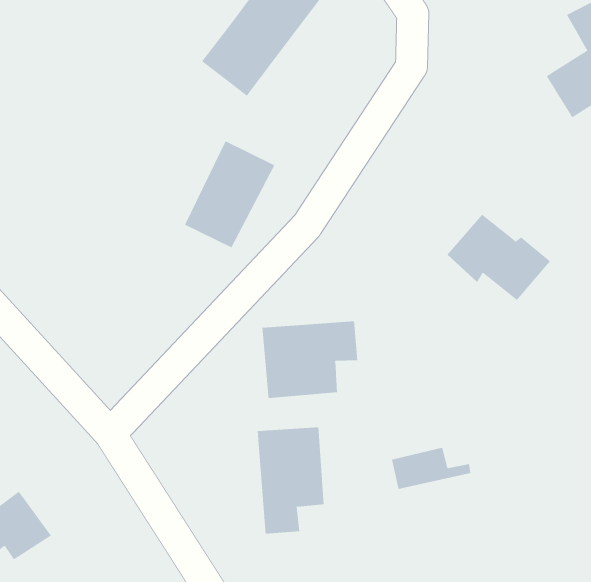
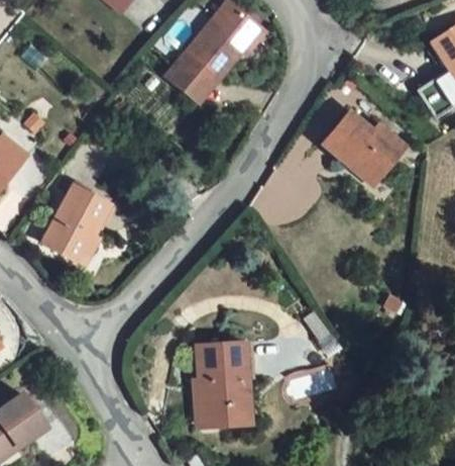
building: [184,141,275,248] -> [40,183,108,263]
building: [446,214,551,301] -> [322,113,400,178]
building: [262,320,358,399] -> none

